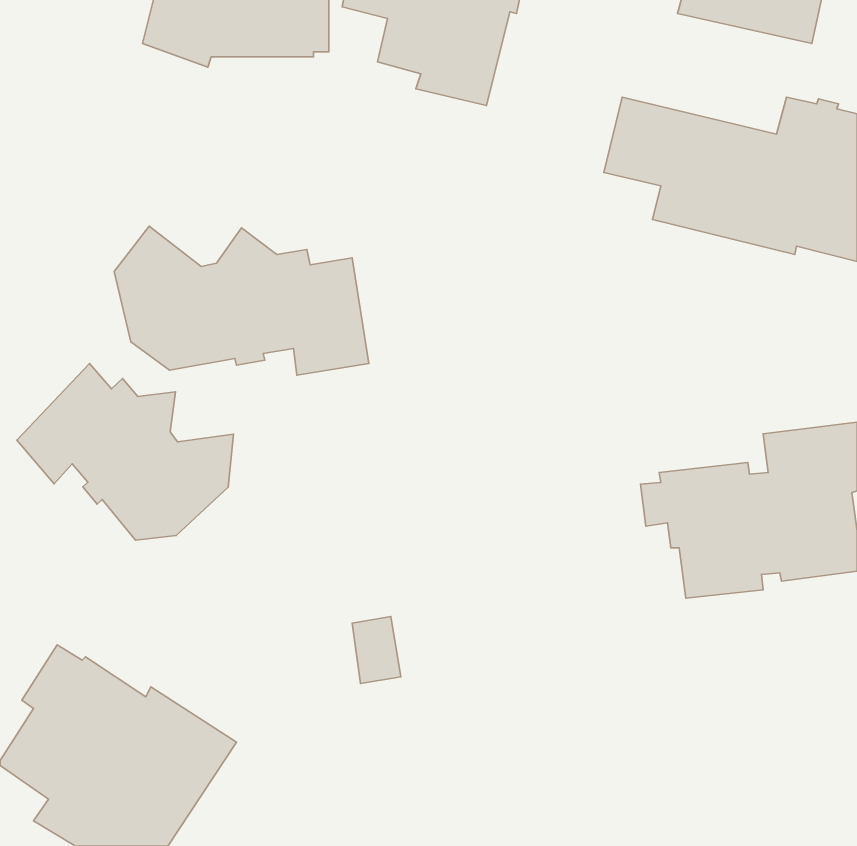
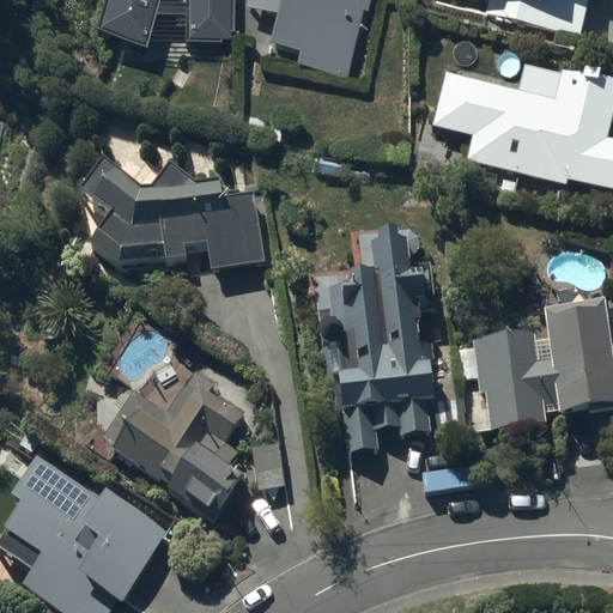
building: none -> [314,229,435,453]
building: [17,364,233,540] -> none
building: none -> [105,370,244,521]

